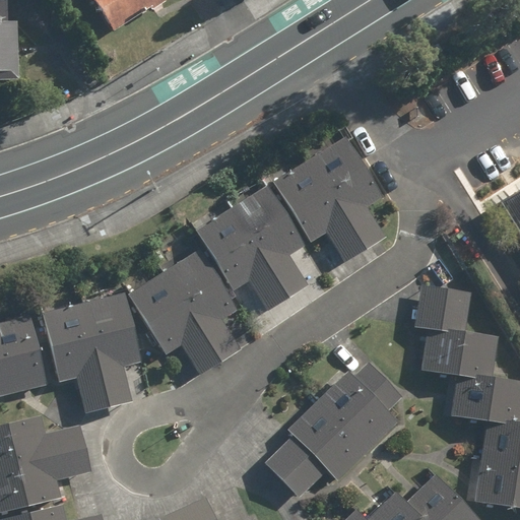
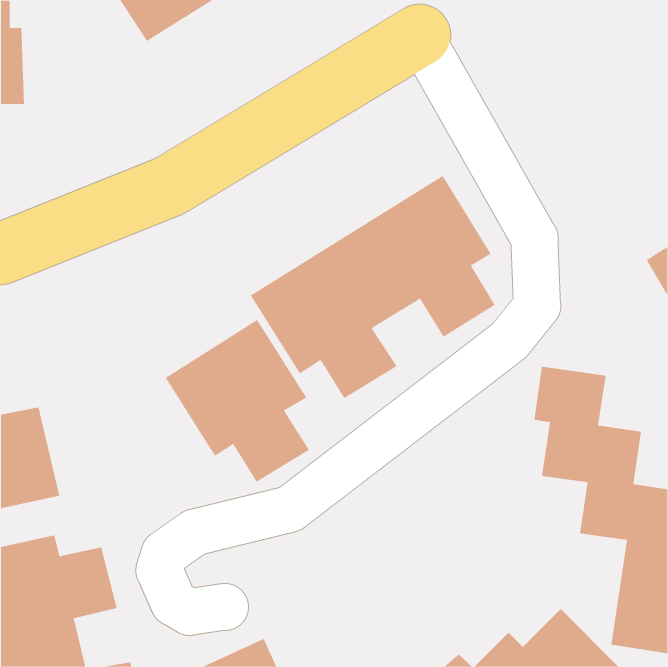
building: [42,294,140,412] -> none
building: [265,363,402,498] -> none

